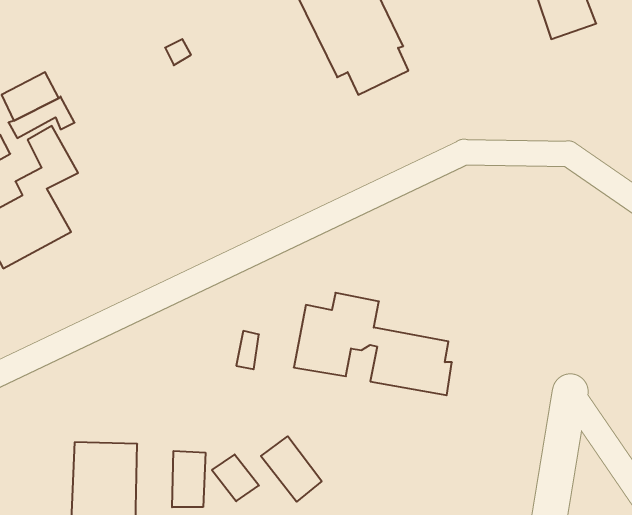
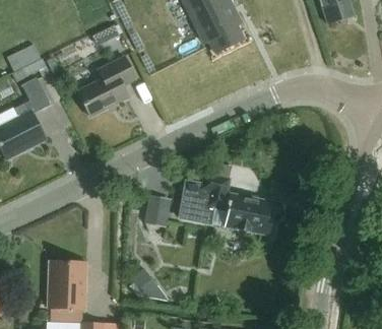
building: none -> [79,56,138,116]
building: [261,436,322,502] -> none
building: [172,451,205,507] -> none

